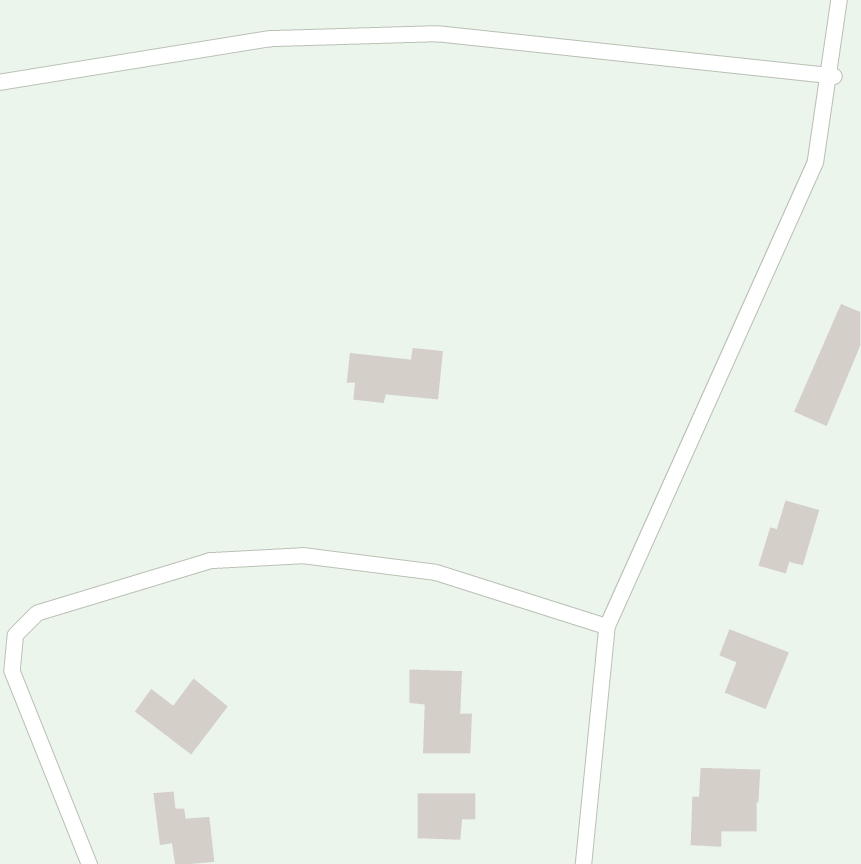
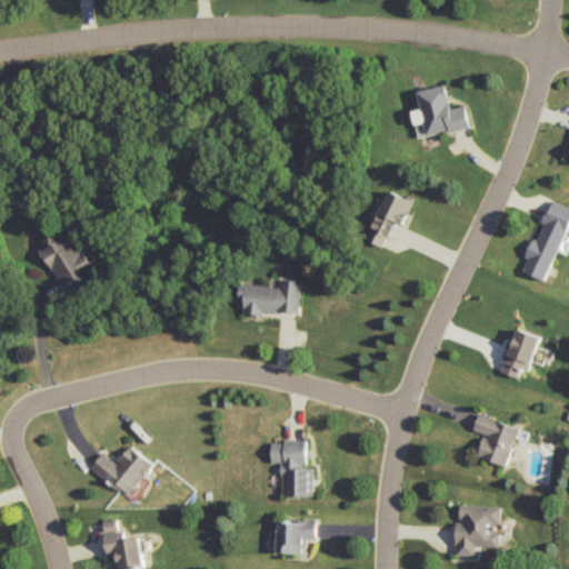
building: none -> [410,86,469,136]
building: none -> [366,189,415,248]
building: [346,347,444,403] -> [236,279,300,316]
building: none -> [34,230,101,293]

